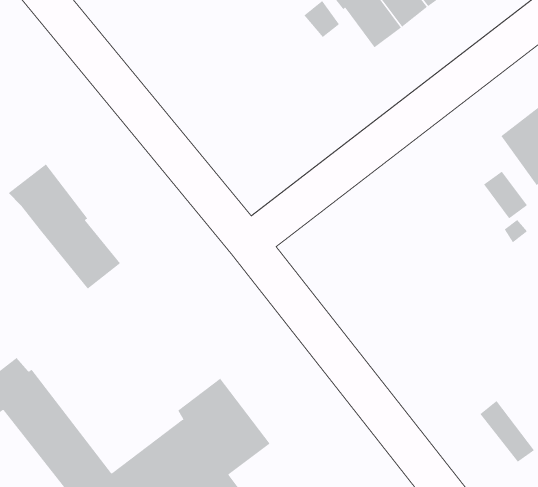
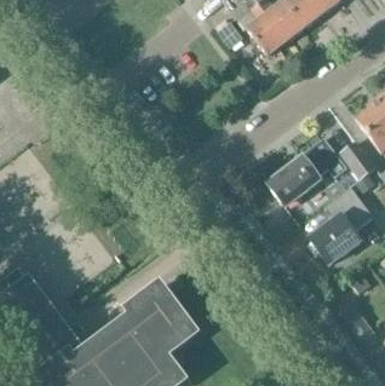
building: [8,164,121,290] -> none
building: none -> [268,139,346,204]
building: none -> [309,188,372,263]

